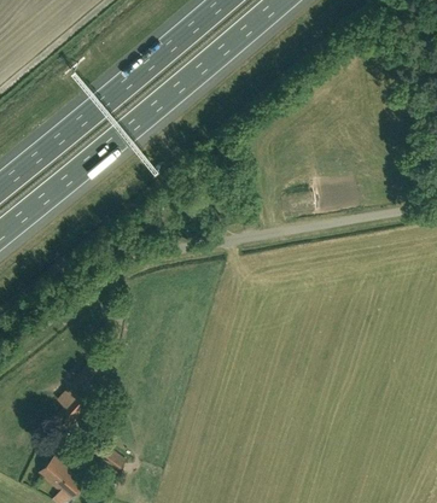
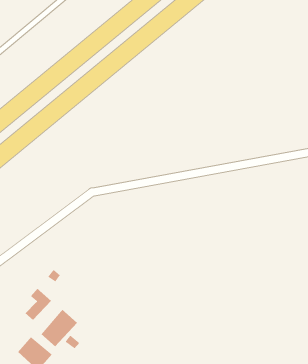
building: none -> [40,309,78,347]

